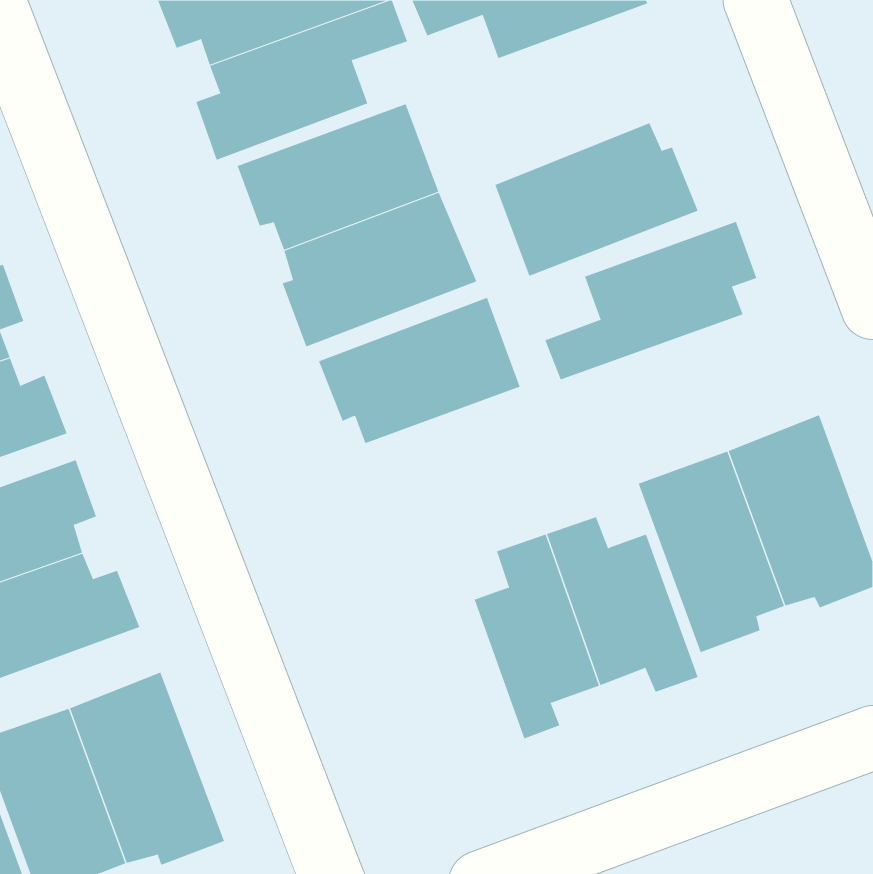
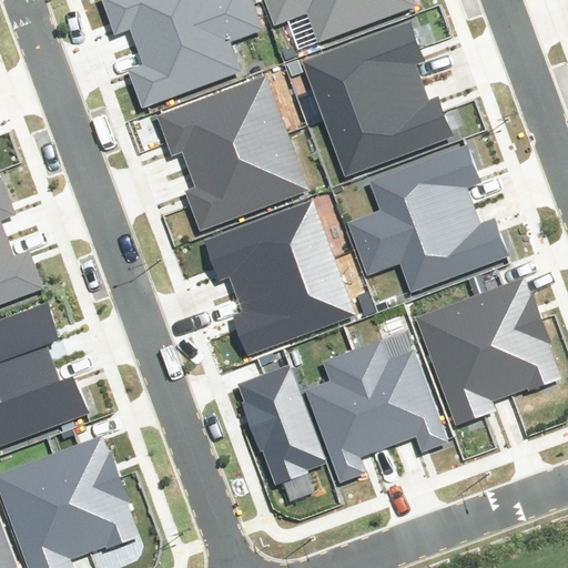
building: none -> [295,24,417,124]
building: none -> [359,207,513,292]
building: none -> [233,254,358,354]
building: none -> [233,359,327,489]

